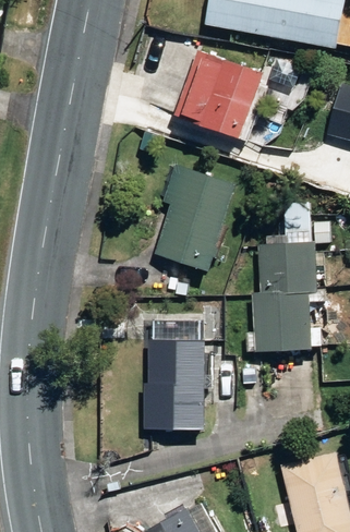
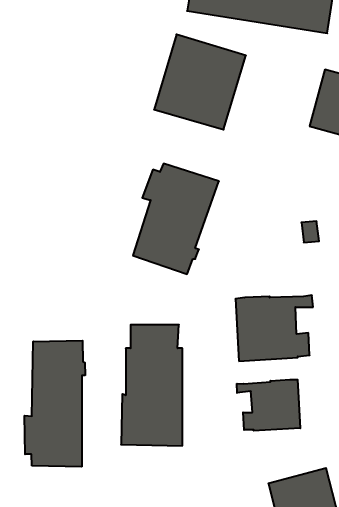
building: [257,204,314,292] -> none
building: none -> [25,341,85,467]
building: none -> [237,380,300,431]

